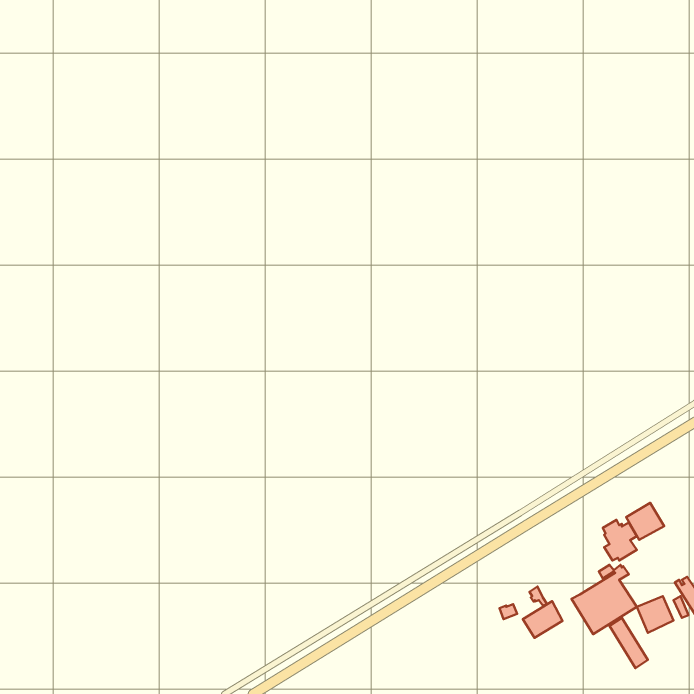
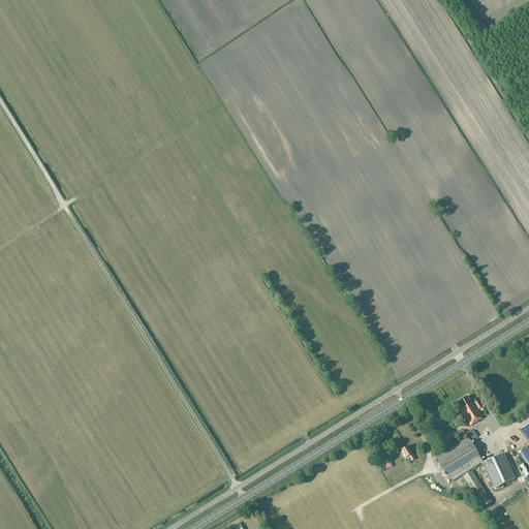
building: [626,503,664,540] -> none
building: [523,601,563,638] -> none

